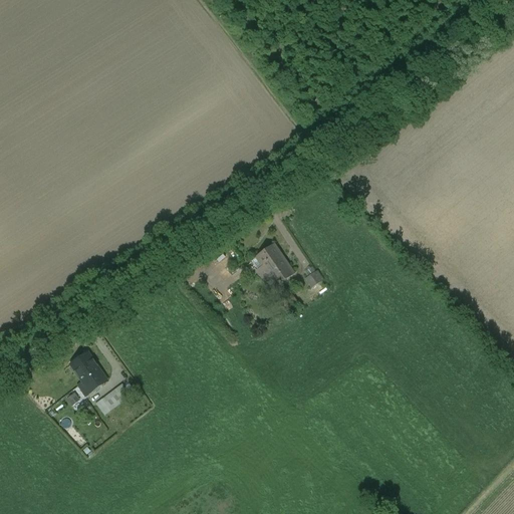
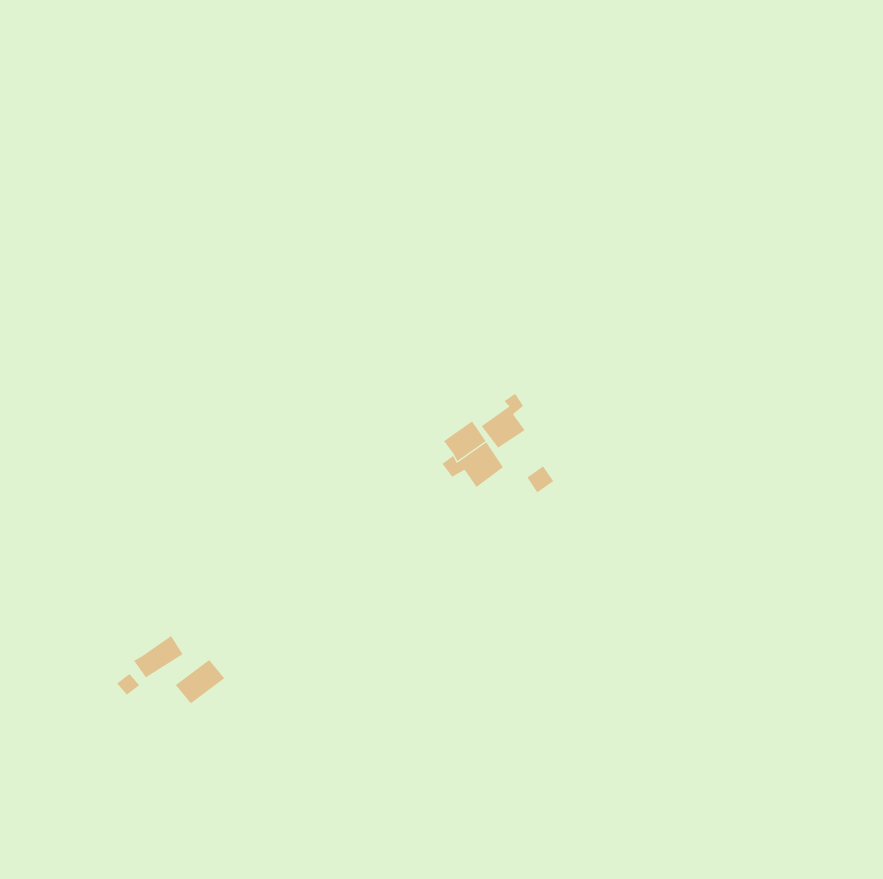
building: none -> [481,393,525,449]
building: [70,351,99,380] -> none

